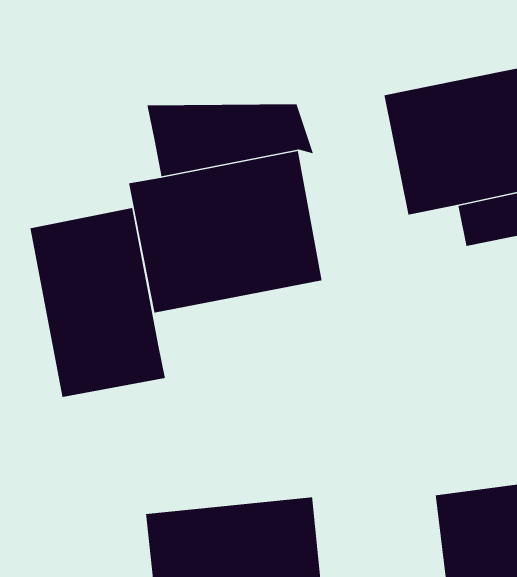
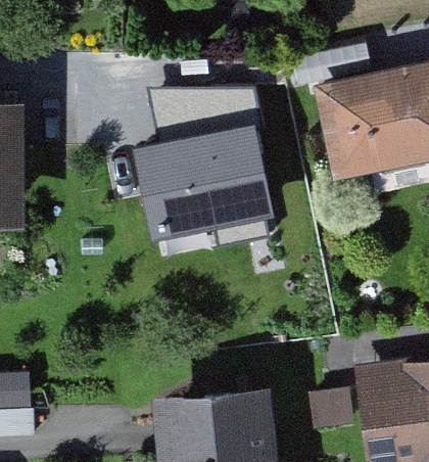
building: [30,207,166,398] -> none

